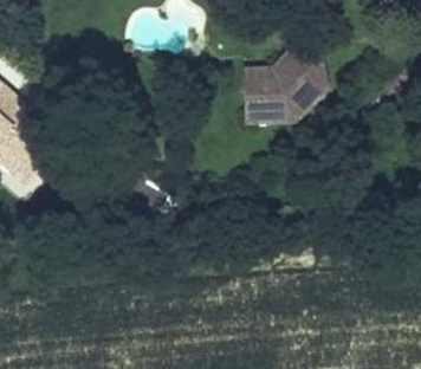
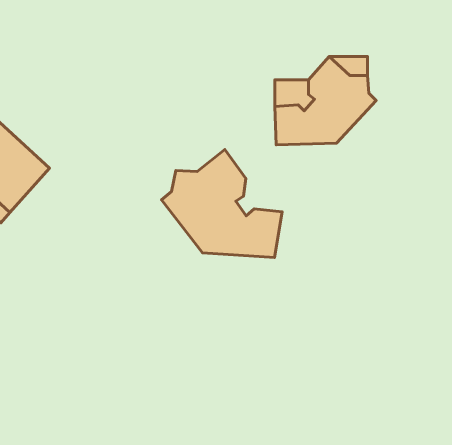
building: none -> [162,149,282,258]

